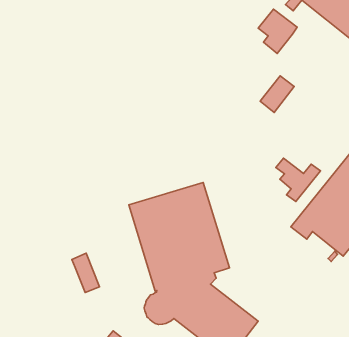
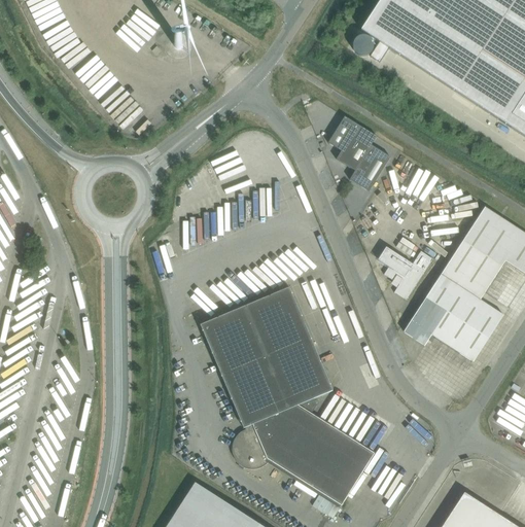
building: [258,9,297,53] -> [328,116,377,171]
building: [72,253,99,292] -> none

